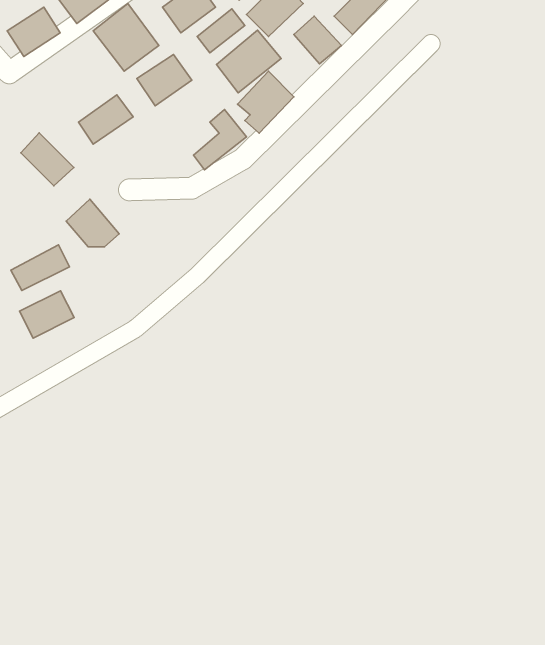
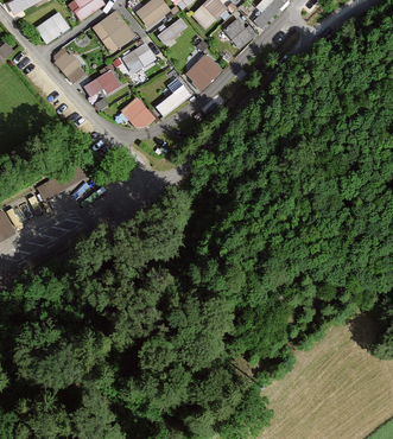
building: [216,30,281,93] -> none
building: [21,133,74,186] -> [52,47,87,82]
building: [66,199,119,247] -> [121,97,156,128]
building: [19,291,74,338] -> none

